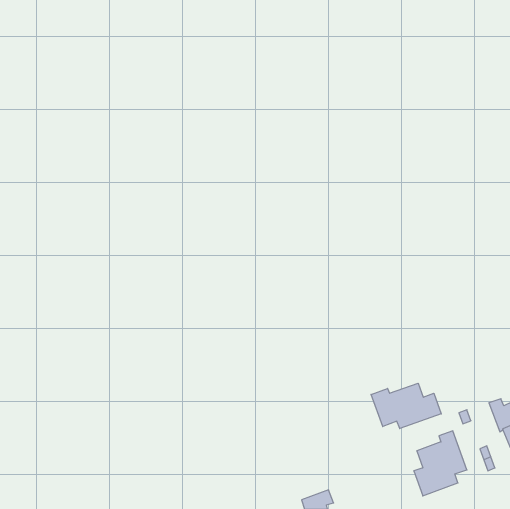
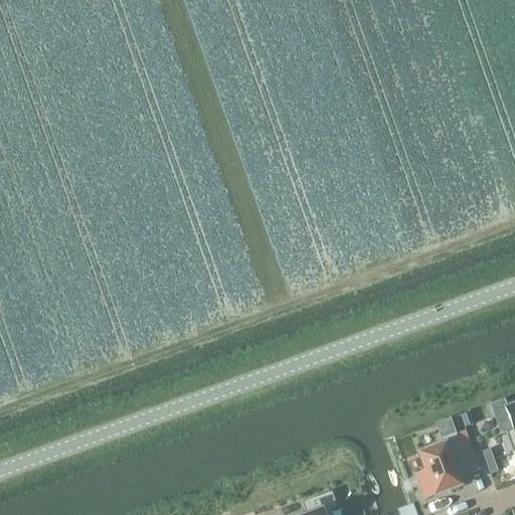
building: [371,383,441,429] -> none

